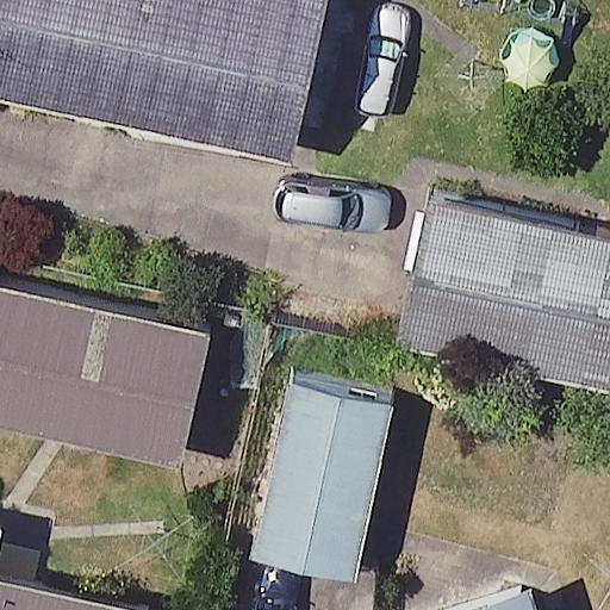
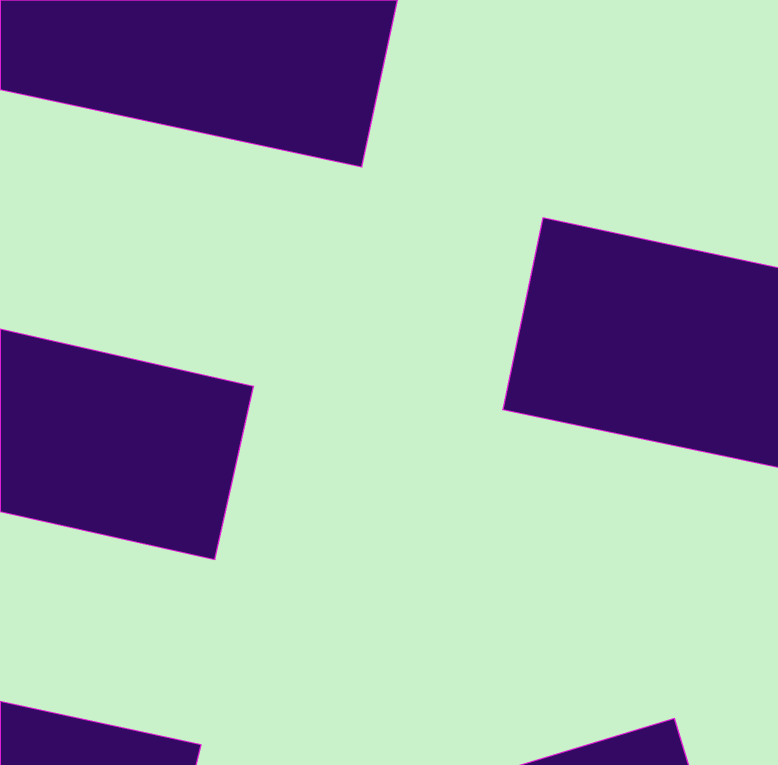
building: [249,371,393,569] -> none

